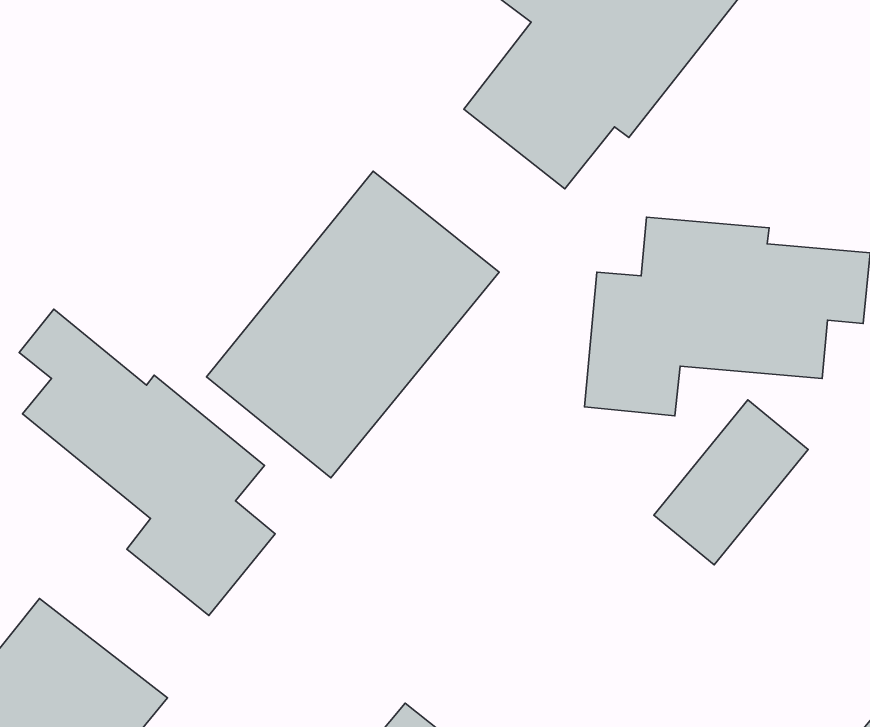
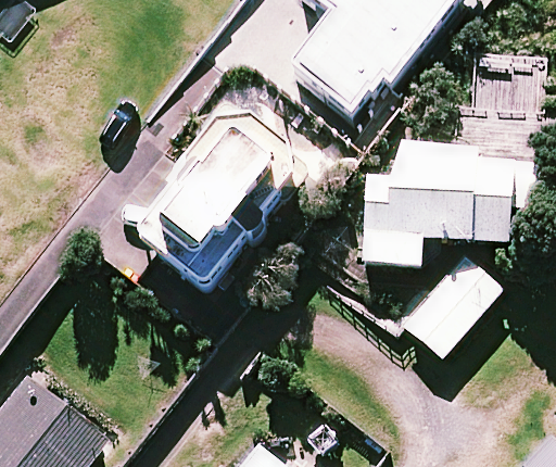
building: [19,309,275,615] -> none

